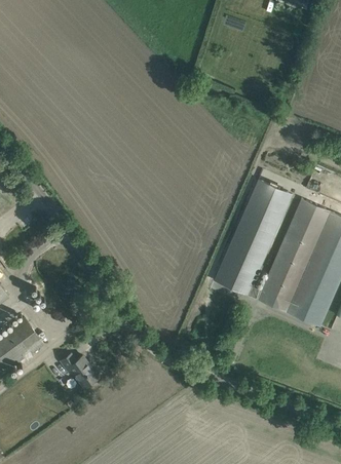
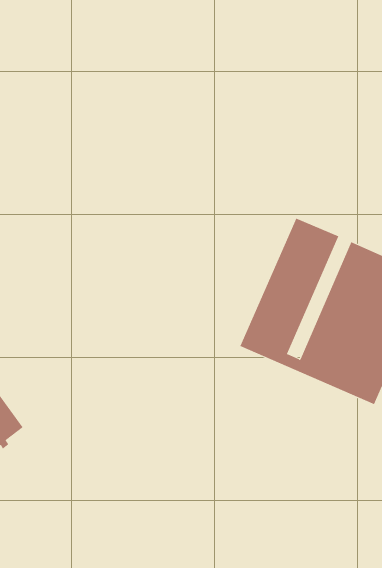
building: [61,353,98,387] -> none

